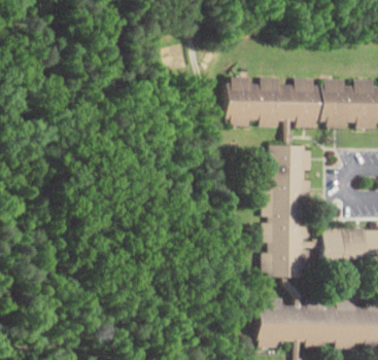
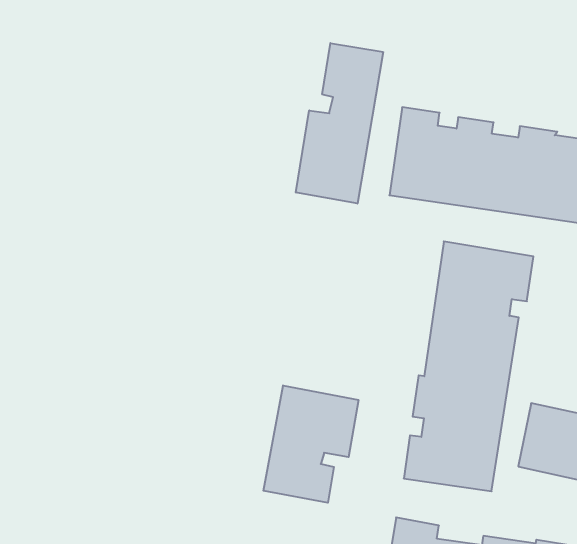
building: none -> [296,43,383,204]
building: none -> [263,385,358,503]

